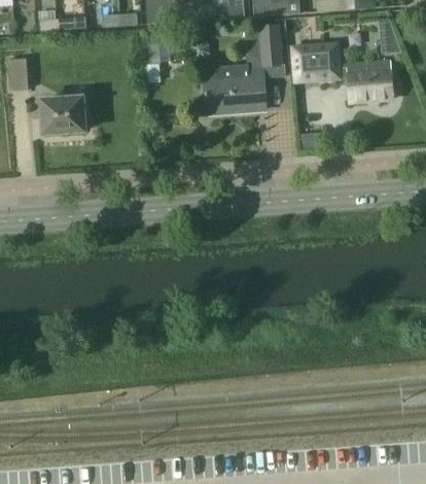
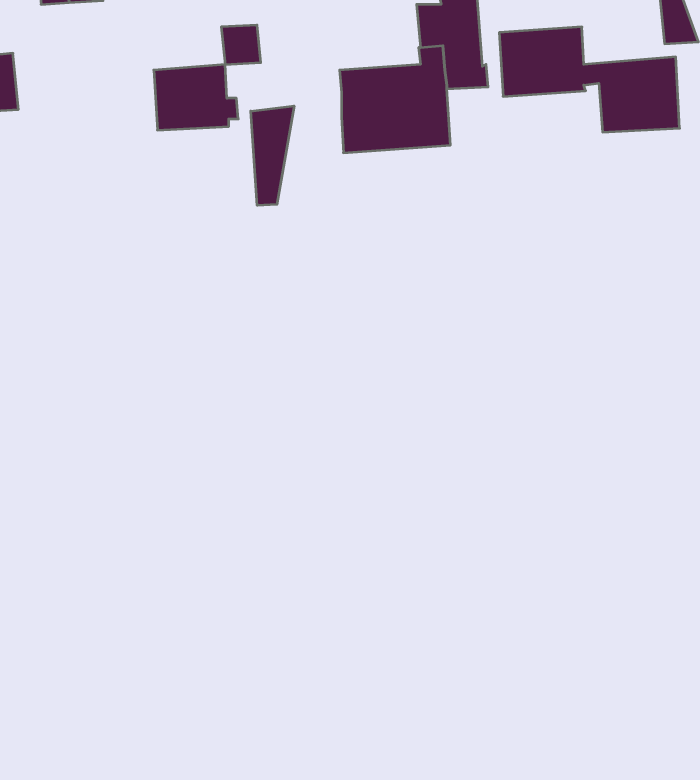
building: none -> [251,106,294,205]
building: [42,96,88,132] -> [154,64,238,130]

